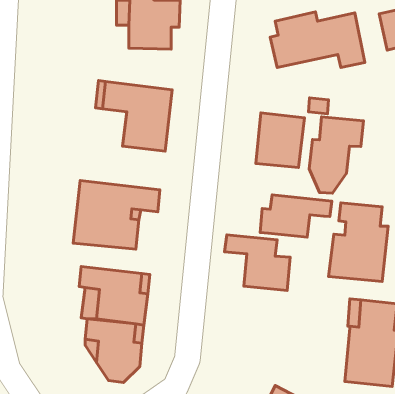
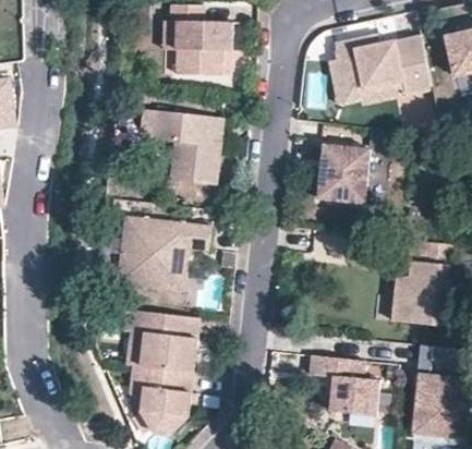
building: [309,117,363,193] -> none
building: [260,195,332,237] -> none
building: [225,235,290,290] -> [307,356,378,416]

